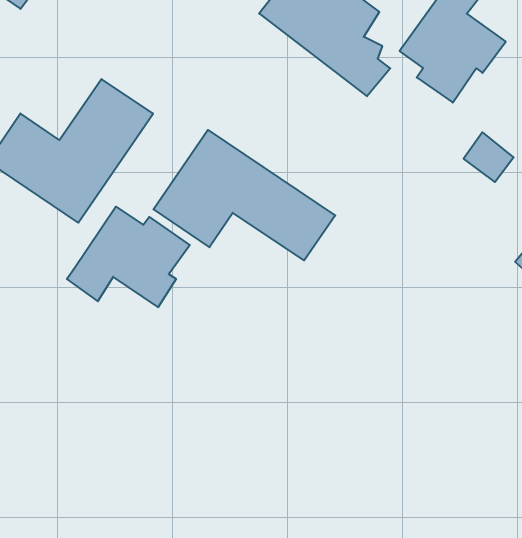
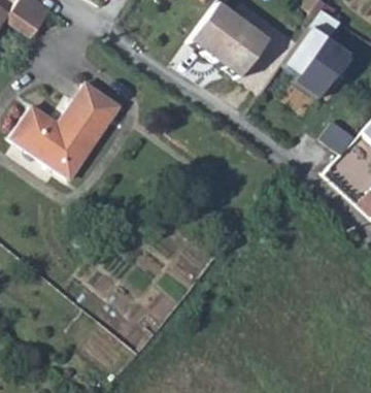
building: [153,130,335,260] -> none
building: [67,207,190,307] -> none

